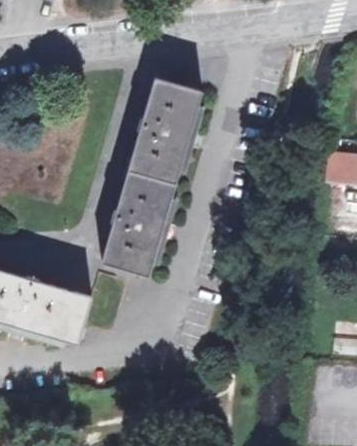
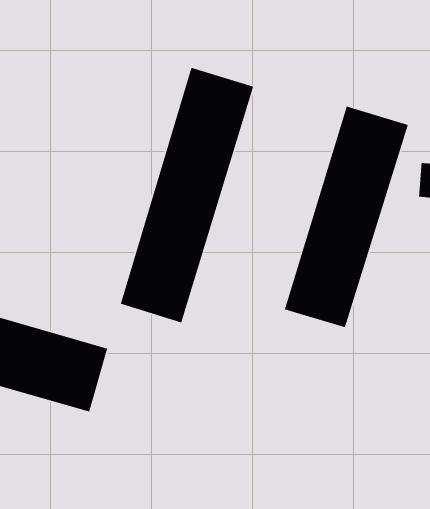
building: none -> [284,105,409,328]

